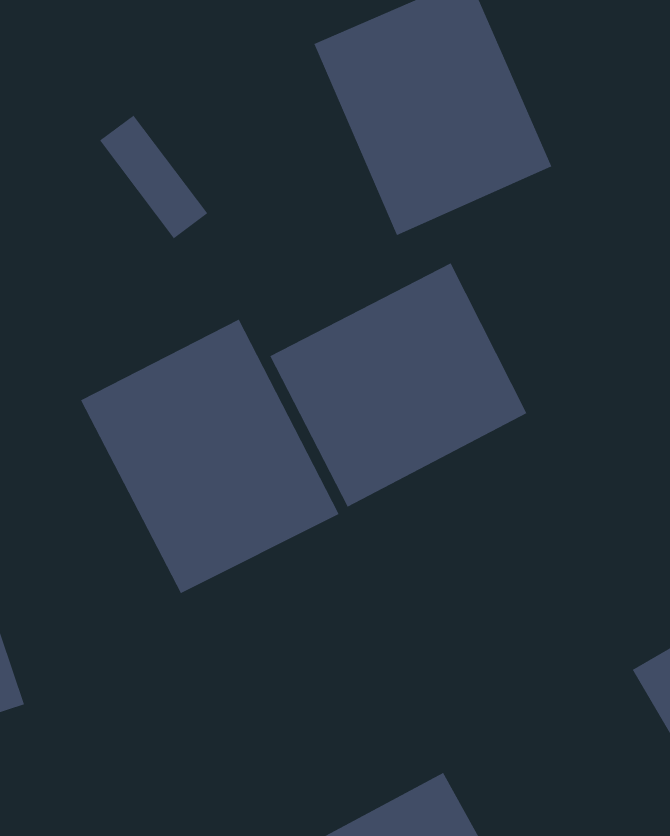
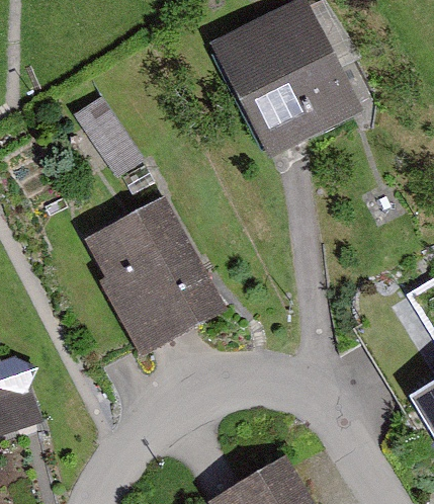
building: [270,263,527,508] -> none

